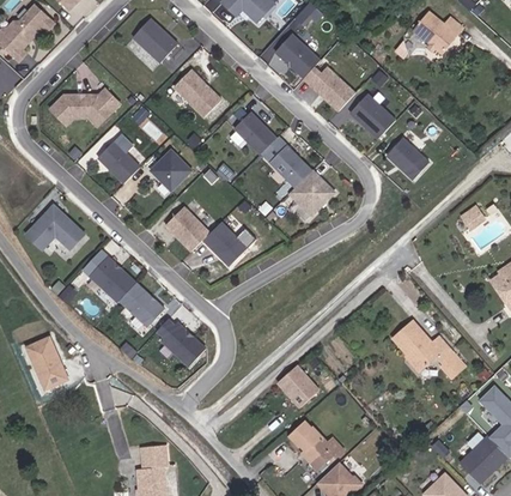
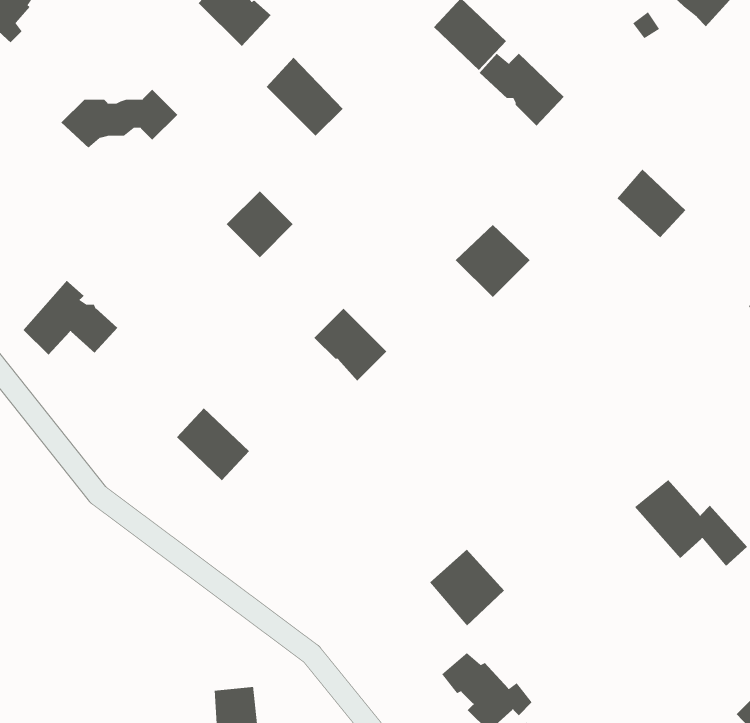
building: [348,92,394,137] -> none
building: [233,110,276,153] -> none
building: [99,132,141,181] -> none
building: [269,144,311,186] -> none
building: [166,204,211,248] -> none
building: [90,253,138,301] -> none
building: [158,315,206,363] -> none
building: [26,339,67,391] -> none

